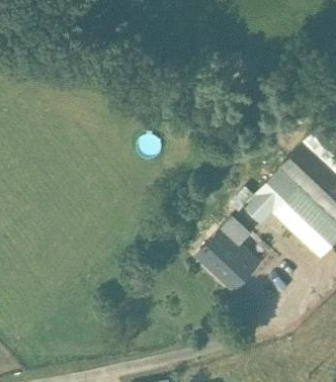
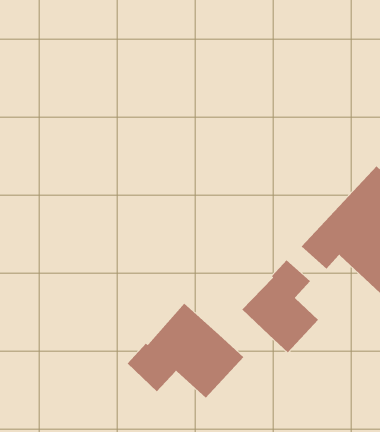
building: none -> [127,303,244,398]

